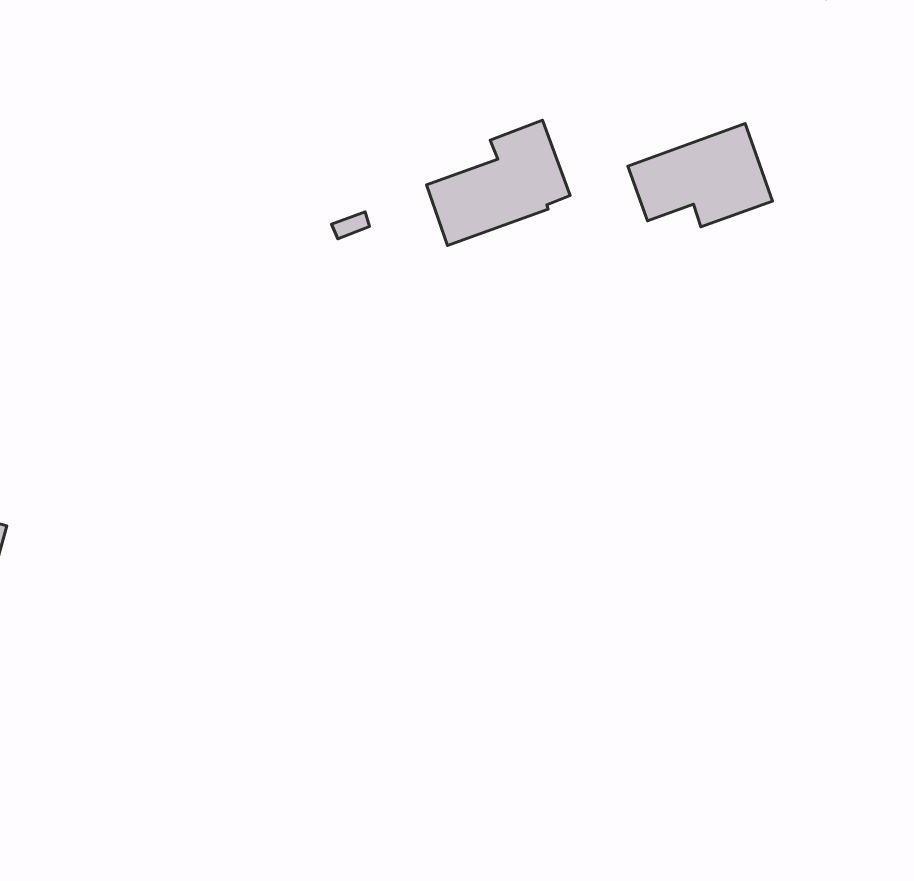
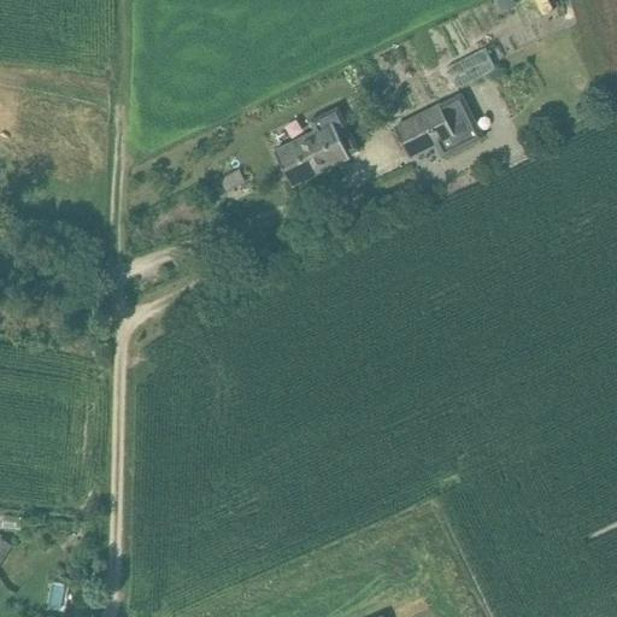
building: none -> [443,47,494,84]

